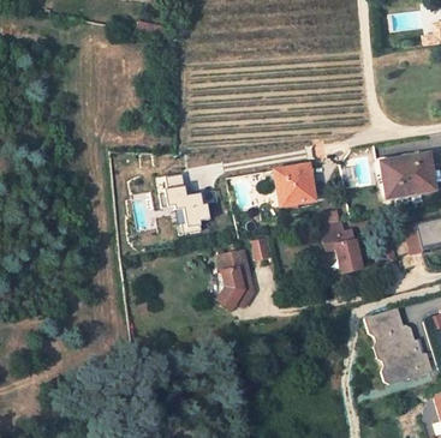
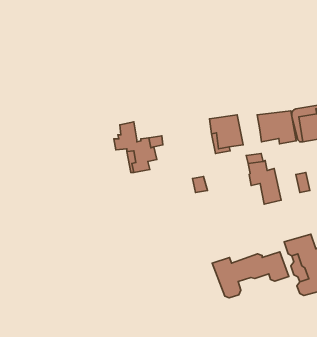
building: none -> [257,111,296,144]
building: [216,250,254,310] -> none
building: none -> [212,252,289,298]

